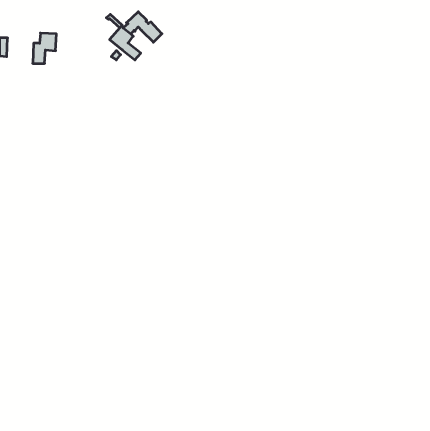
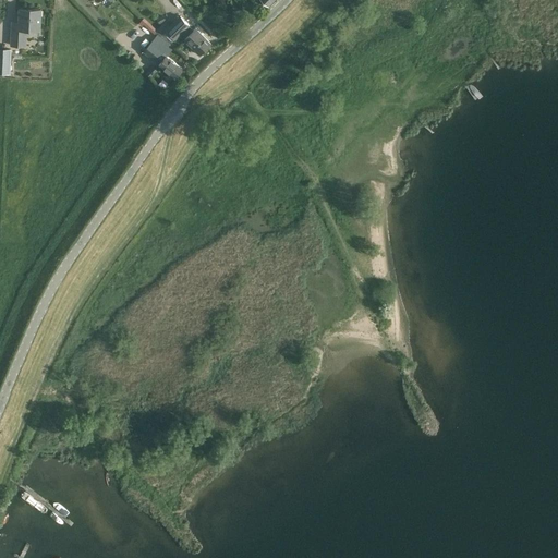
building: [33,33,56,63] -> [9,8,39,47]

